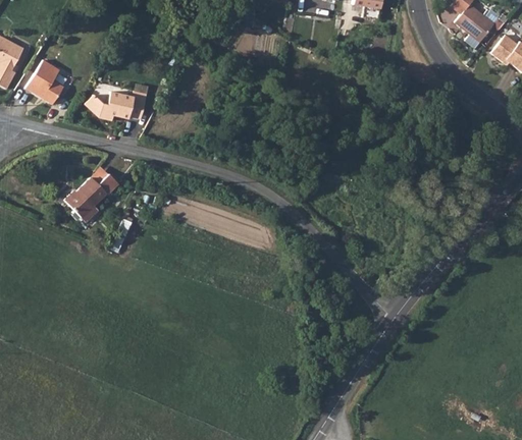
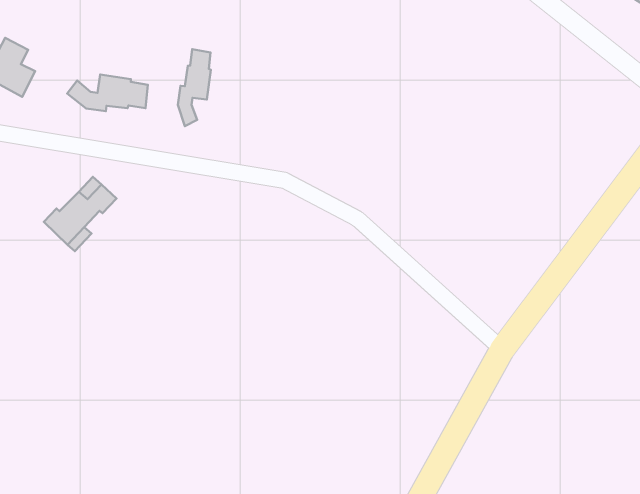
building: none -> [178,49,211,126]

